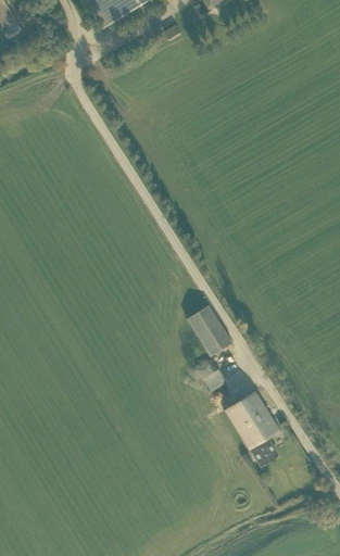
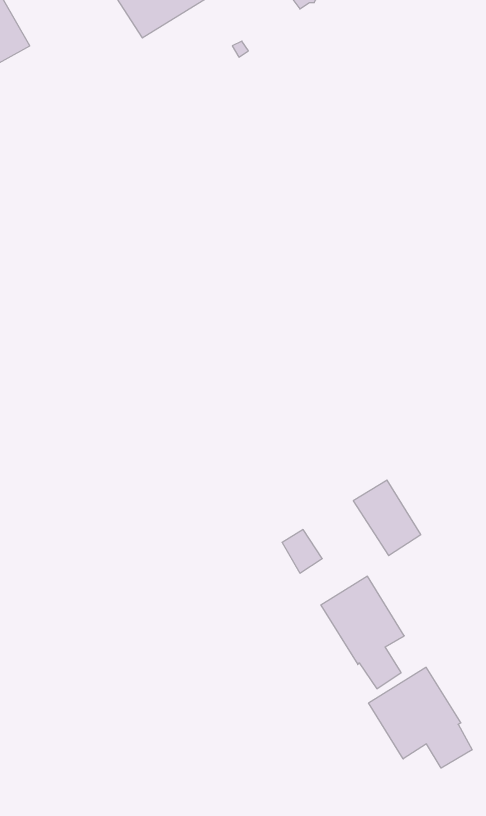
building: [186,304,231,355] -> [353,480,421,556]
building: none -> [369,667,472,768]

